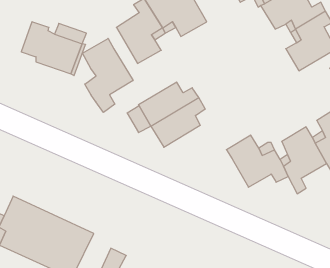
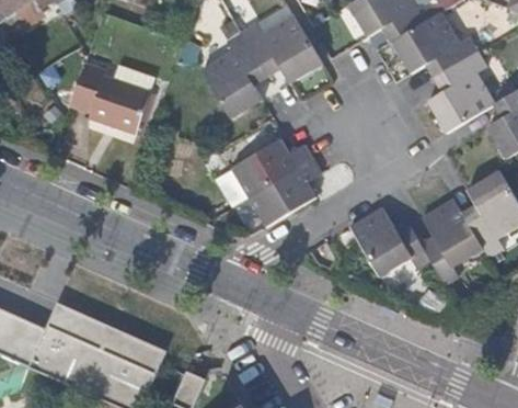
building: [82,38,133,112] -> none

